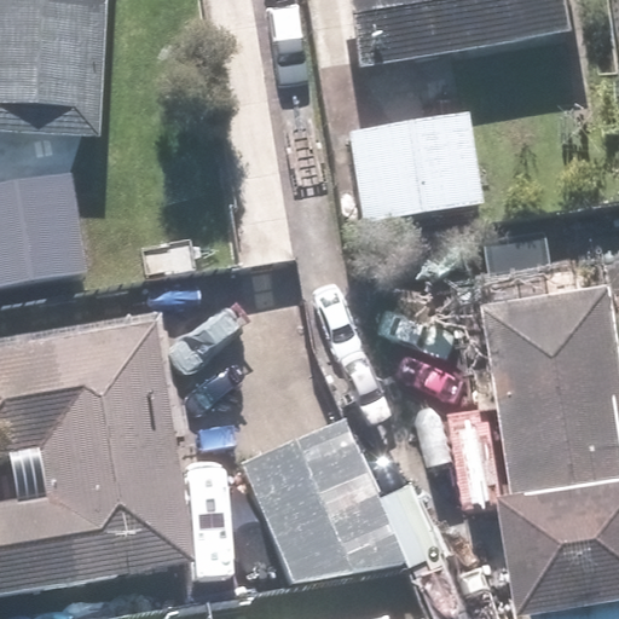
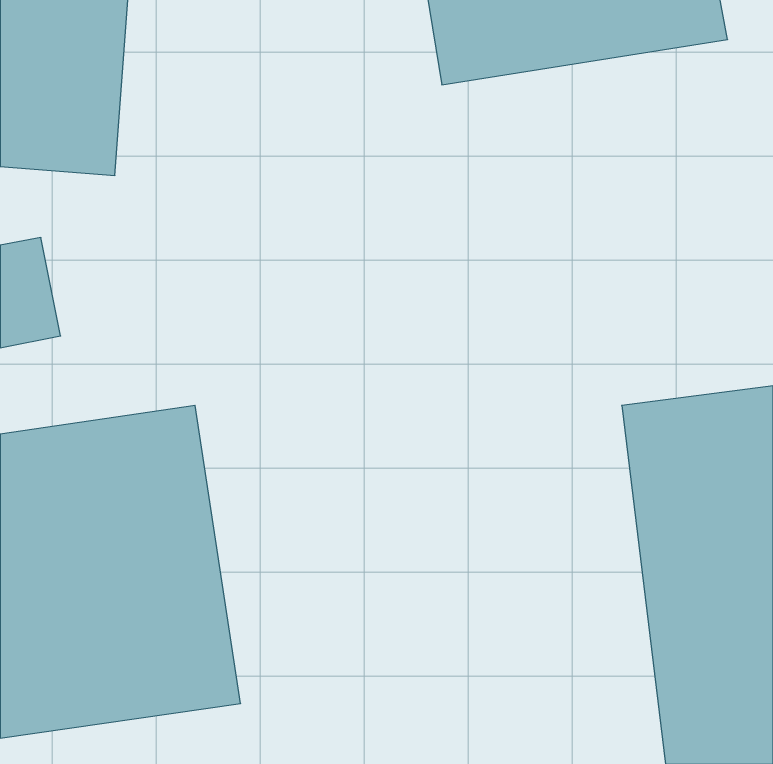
building: [346,108,484,221] -> none
building: [235,417,404,586] -> none

